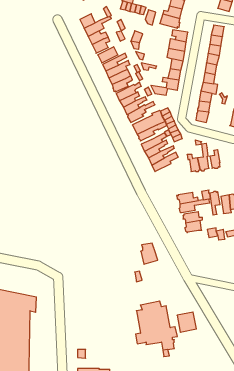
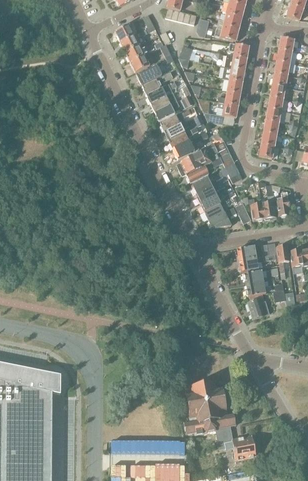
building: none -> [208,202,251,227]
building: [141,243,158,264] -> [248,292,269,318]
building: [177,312,196,332] -> [232,435,256,460]

